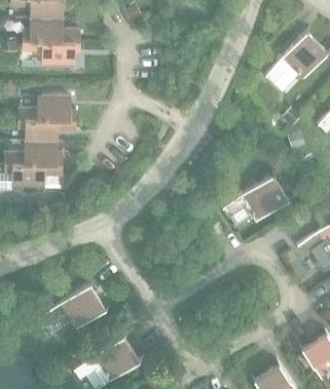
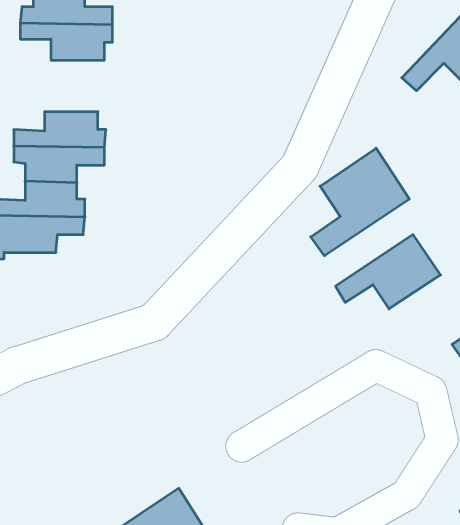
building: none -> [311,148,409,256]
building: [39,284,106,329] -> none

